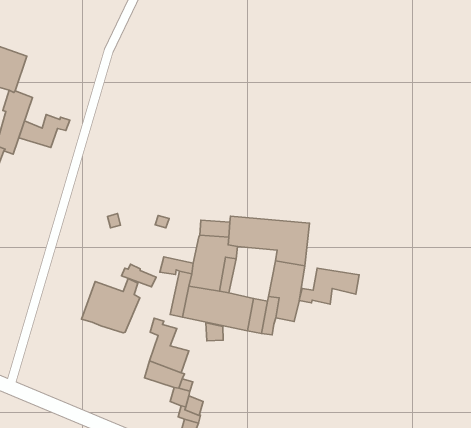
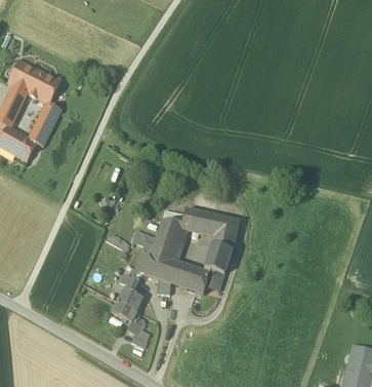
building: [19,114,70,148] -> none
building: [299,268,359,304] -> none
building: [81,278,140,333] -> none

